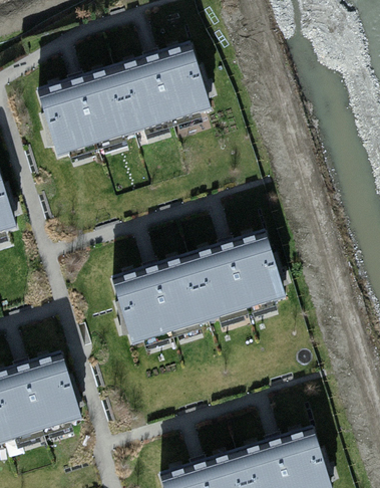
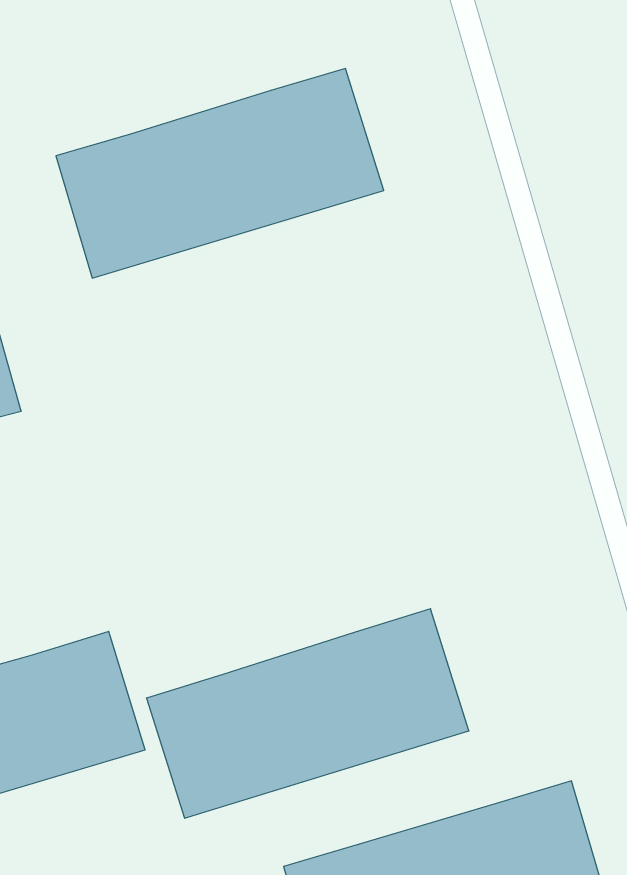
building: [109,231,287,346] -> [146,609,469,818]

